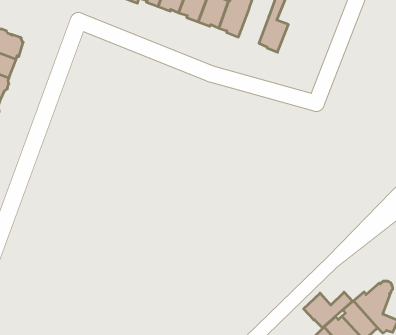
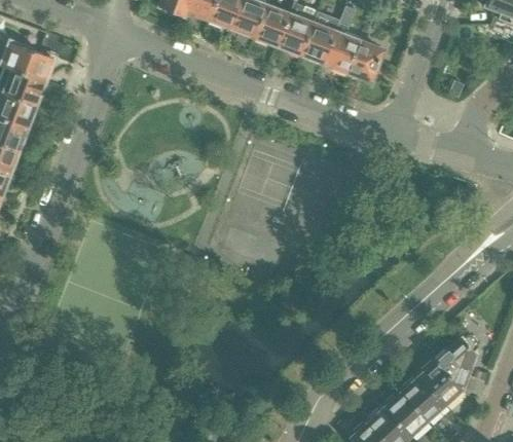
building: none -> [301,24,336,63]
building: none -> [346,41,383,80]
building: [304,292,353,328] -> none

